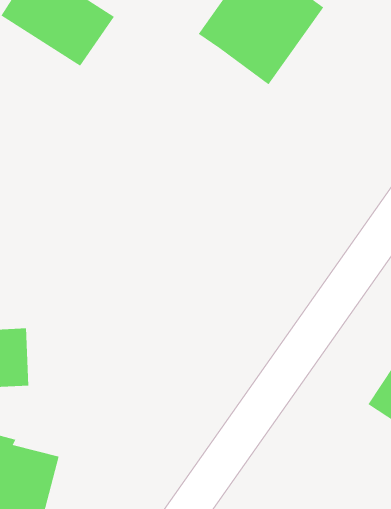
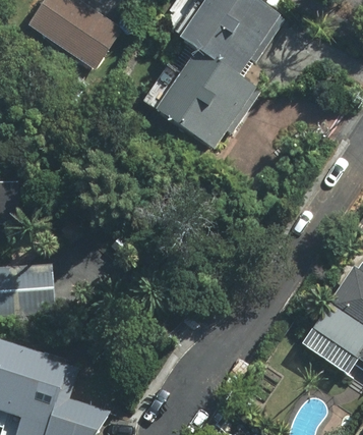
building: none -> [158,52,255,150]

